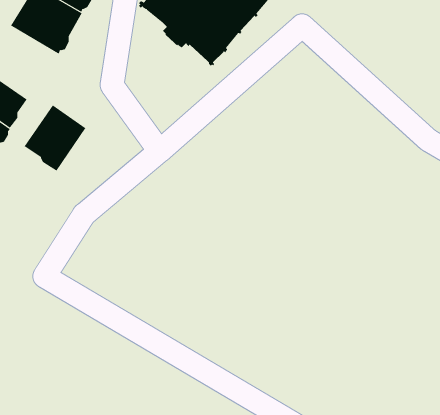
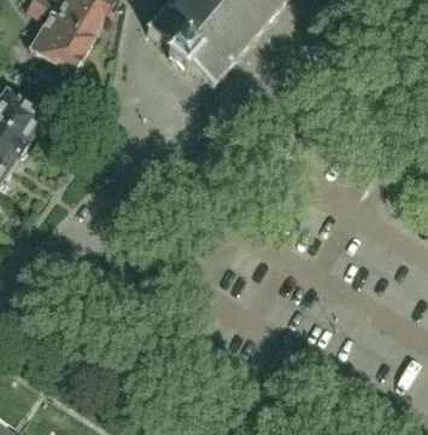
building: [24,104,86,172] -> none

